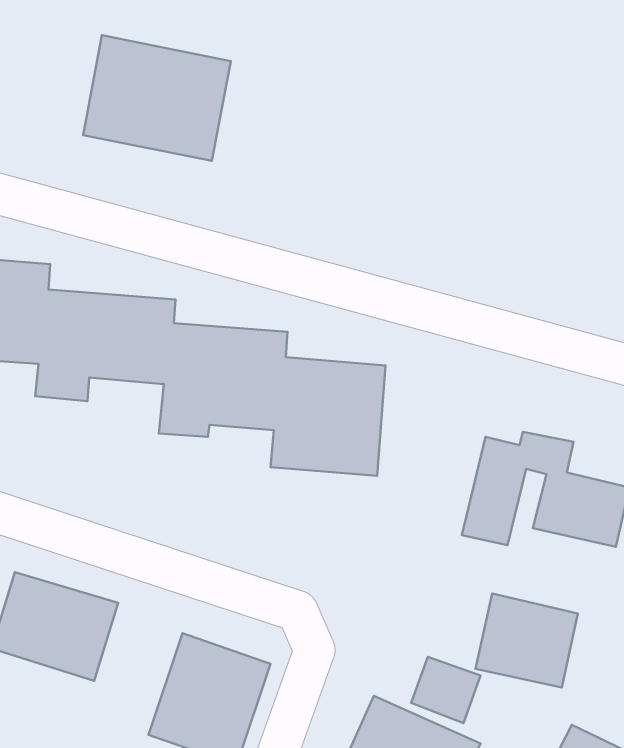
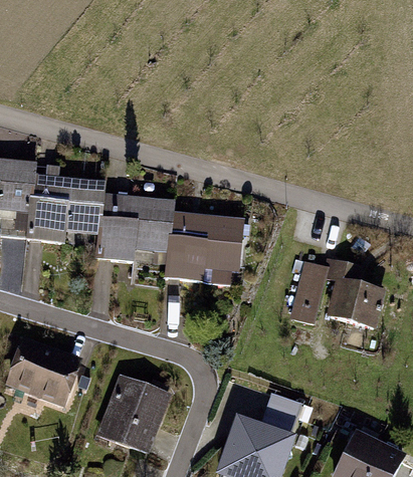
building: [83,35,231,161] -> none
building: [476,594,578,687] -> none

